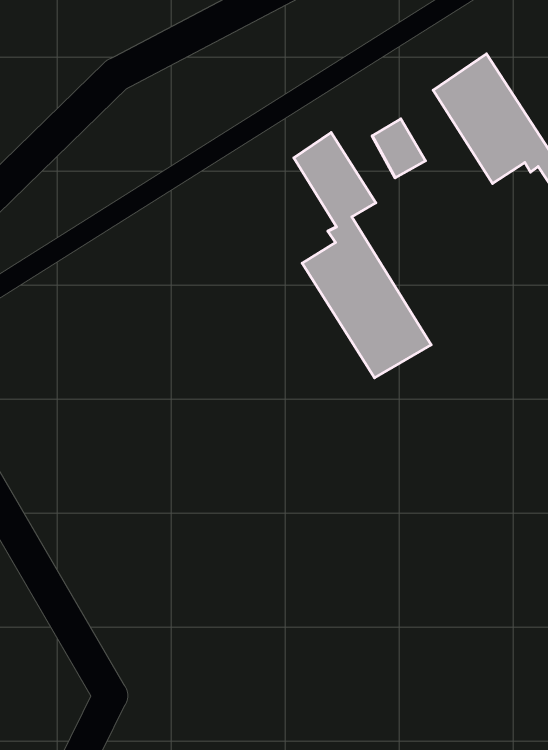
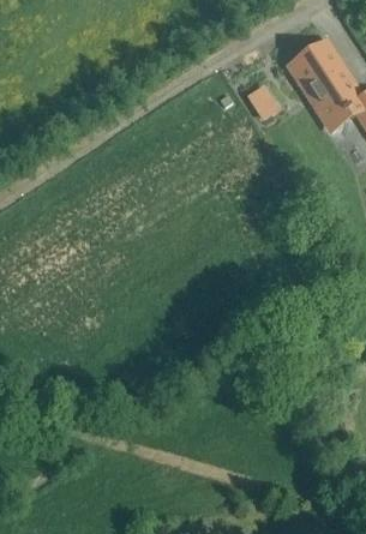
building: [294,133,431,378] -> none

